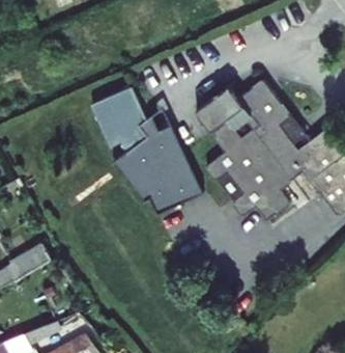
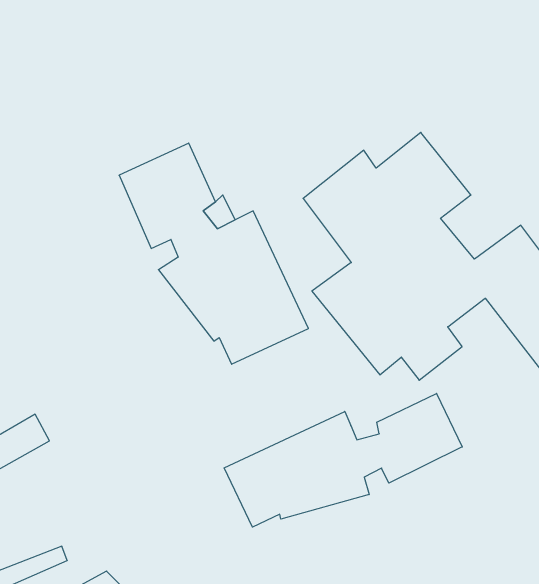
building: none -> [224,393,462,527]

